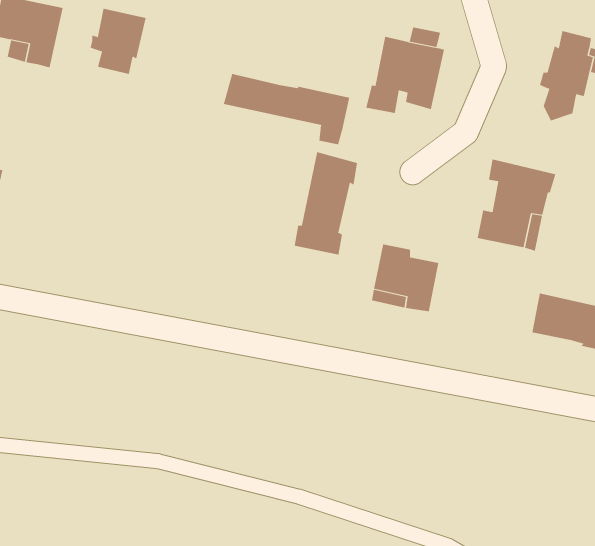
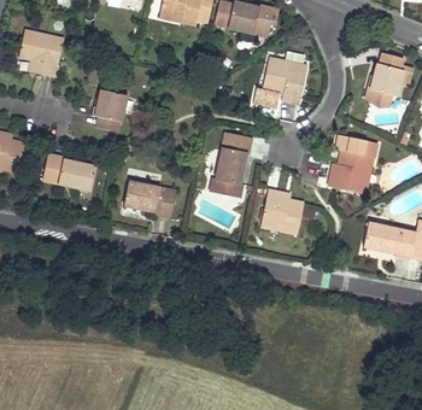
building: [90,8,146,74] -> [93,89,129,131]
building: [223,73,350,145] -> none
building: none -> [42,153,95,189]
building: none -> [123,181,177,217]

